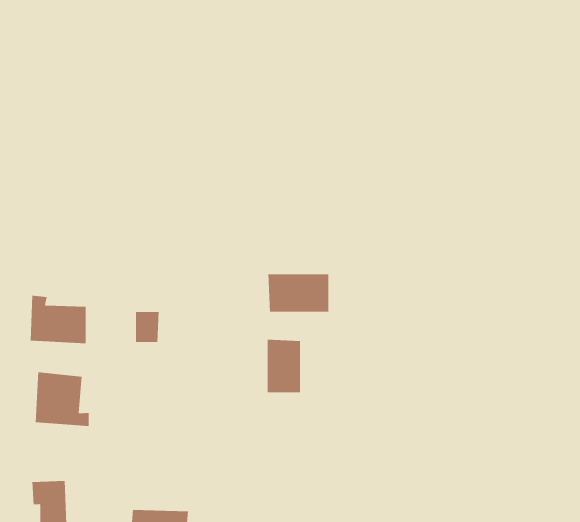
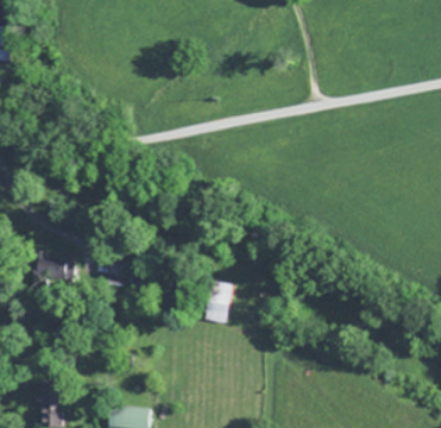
building: [268,273,329,313] -> none
building: [35,372,89,427] -> none

